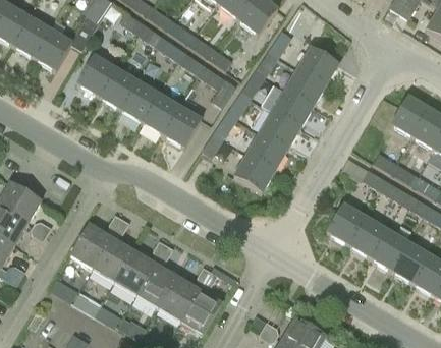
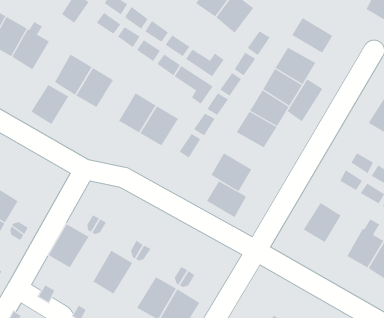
building: none -> [292,17,333,53]
building: none -> [287,78,323,122]
building: [118,80,157,121] -> [31,84,69,125]
building: [245,132,286,170] -> [206,180,247,218]
building: [347,216,385,256] -> none
building: [92,237,132,282] -> none
building: [135,264,177,308] -> none

